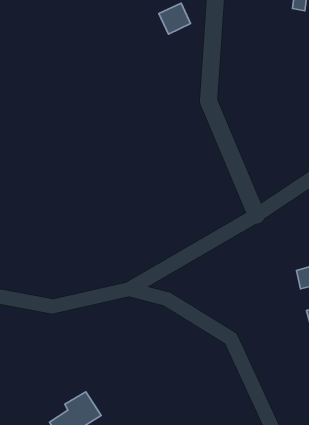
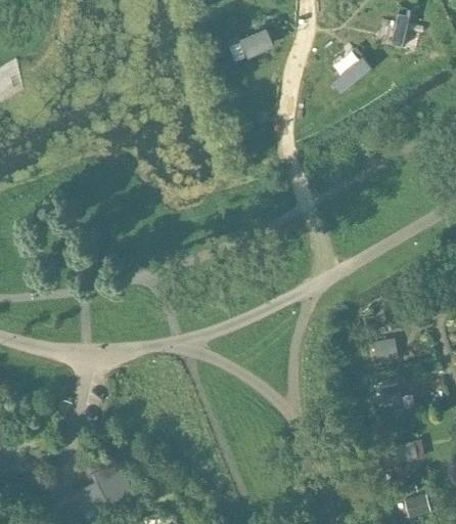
building: none -> [330,53,374,93]

